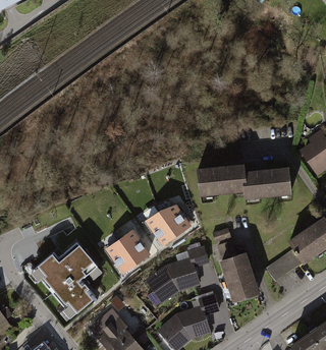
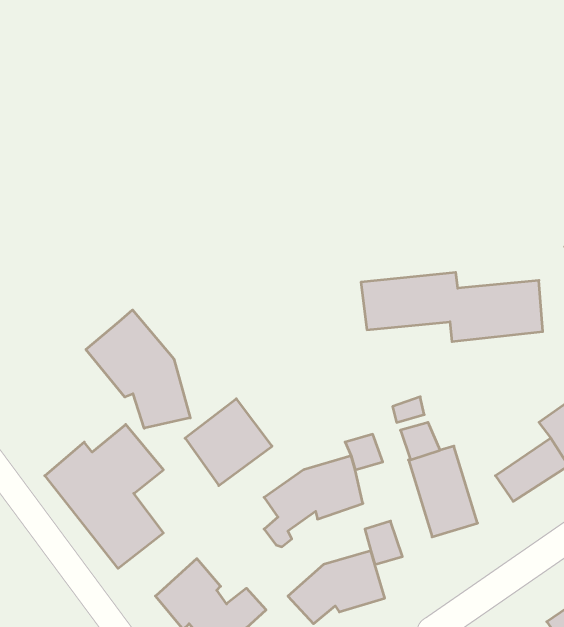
building: none -> [86,310,190,428]
building: [145,205,194,247] -> none

